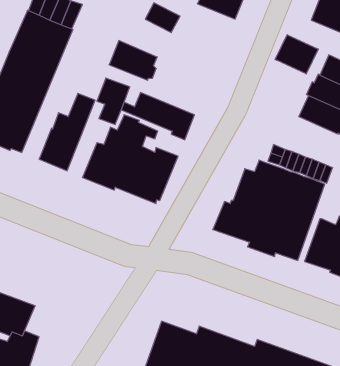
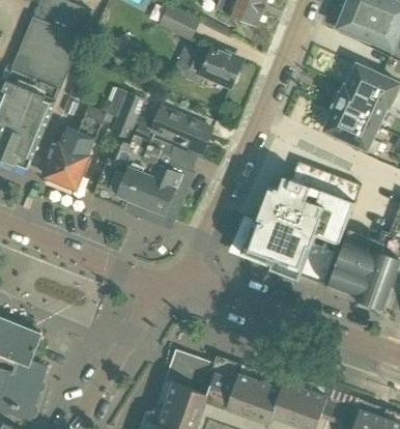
building: [275,35,318,74] -> none
building: [109,41,157,80] -> [190,44,241,86]

